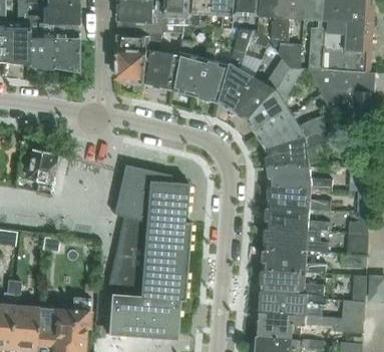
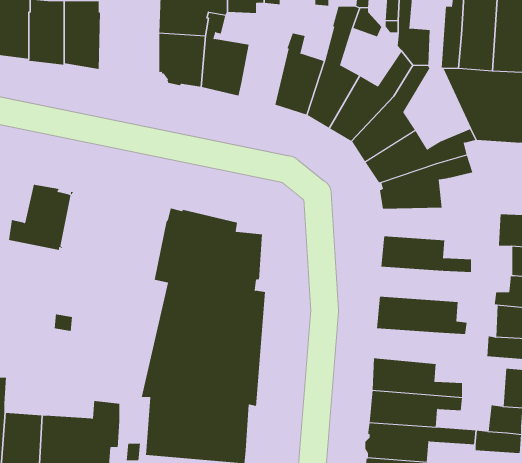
building: [171,39,205,95] -> none
building: [269,165,332,189] -> none
building: [267,206,330,231] -> none
building: [263,248,325,273] -> none

